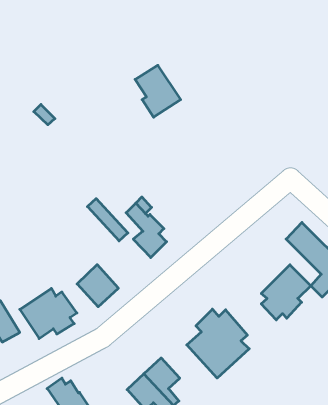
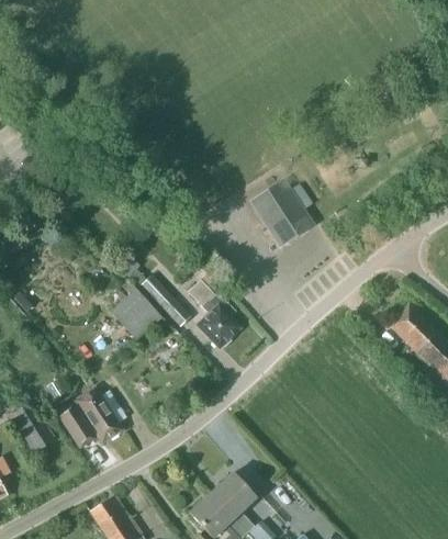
building: [135,65,181,117] -> [257,182,314,247]
building: [77,265,118,307] -> [110,288,161,340]
building: [261,265,311,320] -> none
building: [187,309,249,378] -> none

